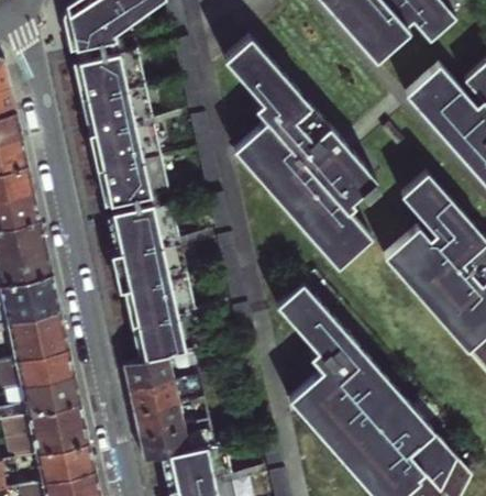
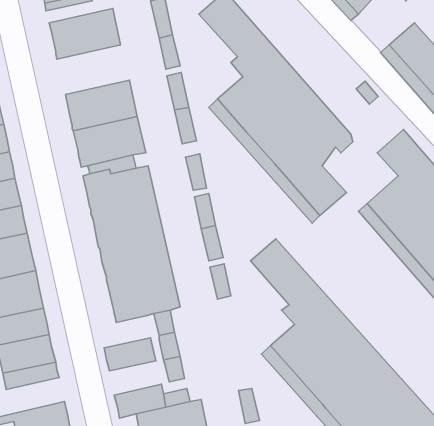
building: [81,88,154,137] -> none
building: [123,359,175,390] -> none
building: [134,404,186,438] -> none
building: [31,420,89,456] -> none

